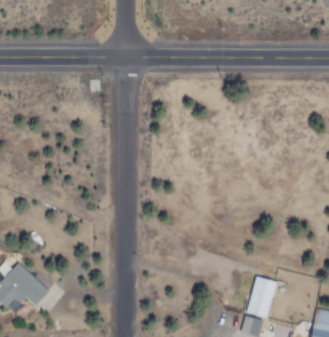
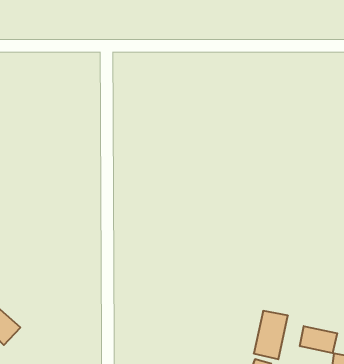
building: none -> [300,326,337,353]

